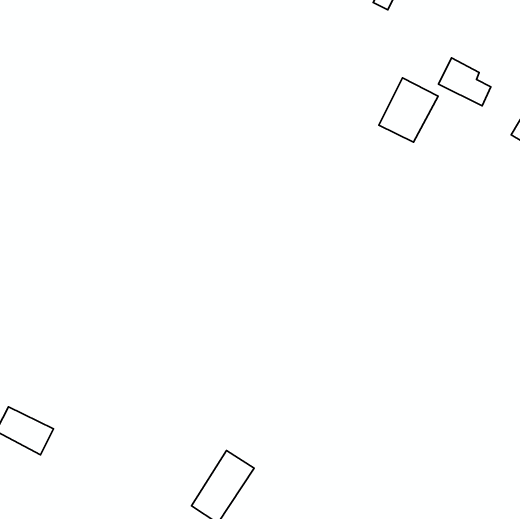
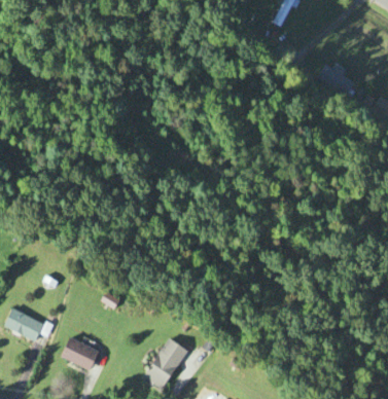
building: [379,78,438,142] -> none
building: none -> [60,336,99,369]

